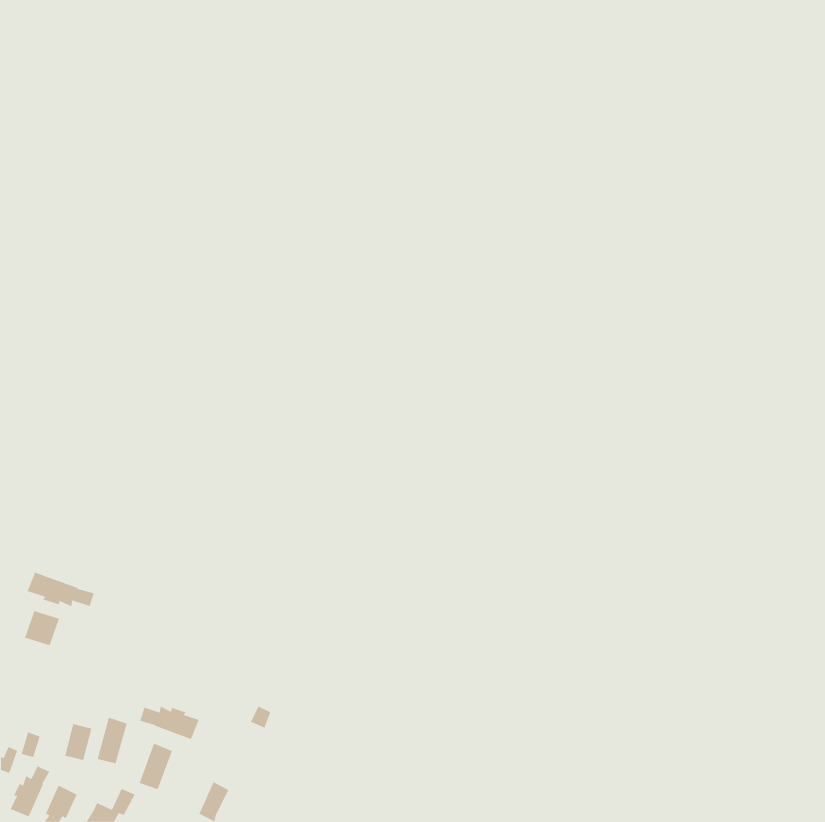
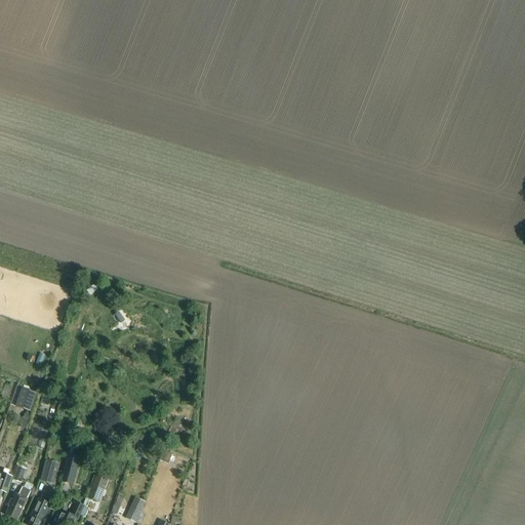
building: [27,572,94,607] -> none
building: [139,706,199,740] -> none

